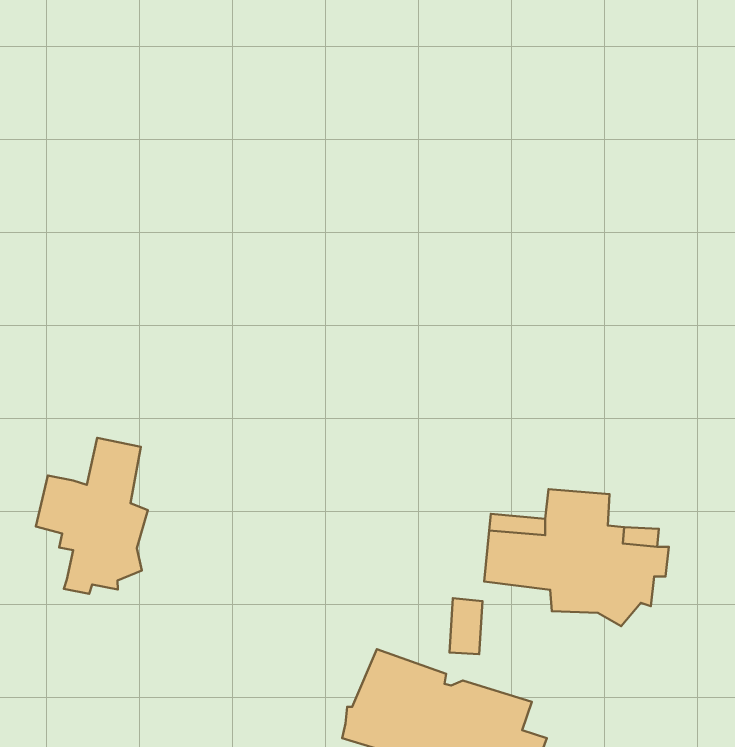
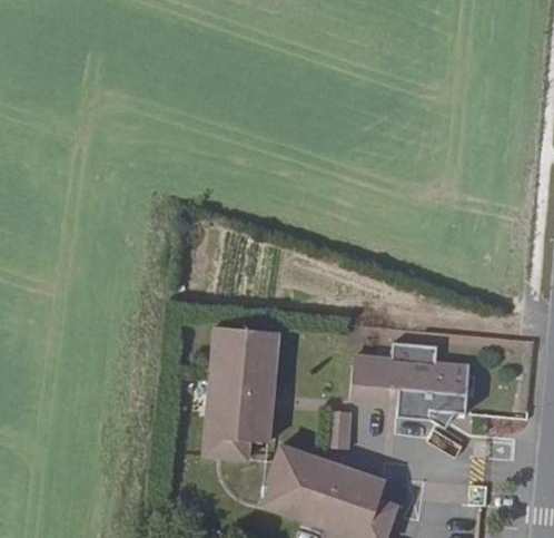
building: [36,438,148,594] -> none
building: none -> [202,321,277,452]

